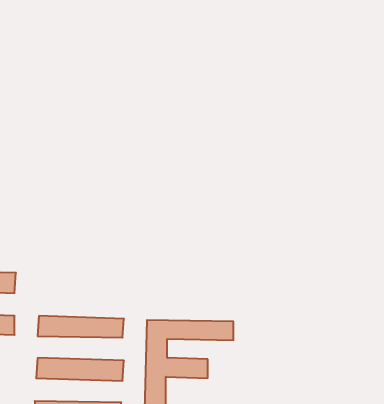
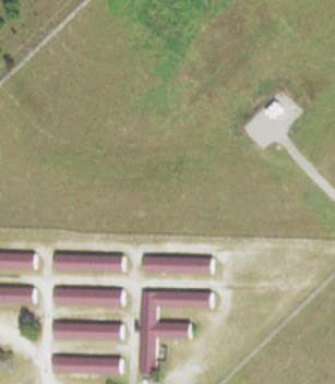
building: none -> [53,254,122,272]
building: none -> [141,256,211,274]

